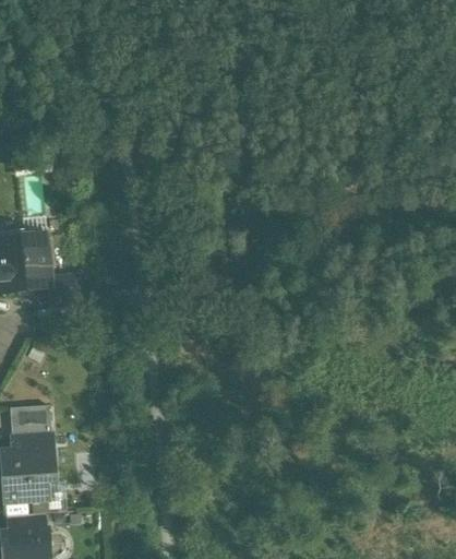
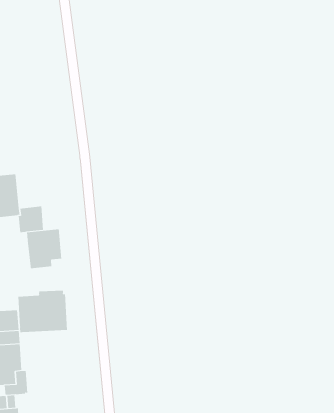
building: none -> [27,229,62,269]
building: none -> [18,290,67,333]

